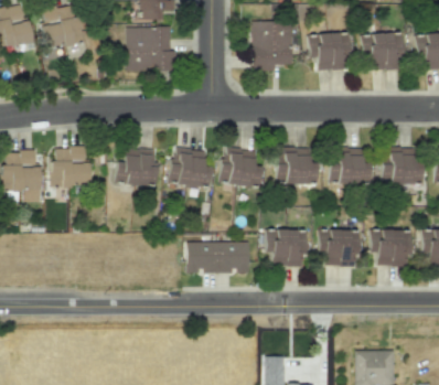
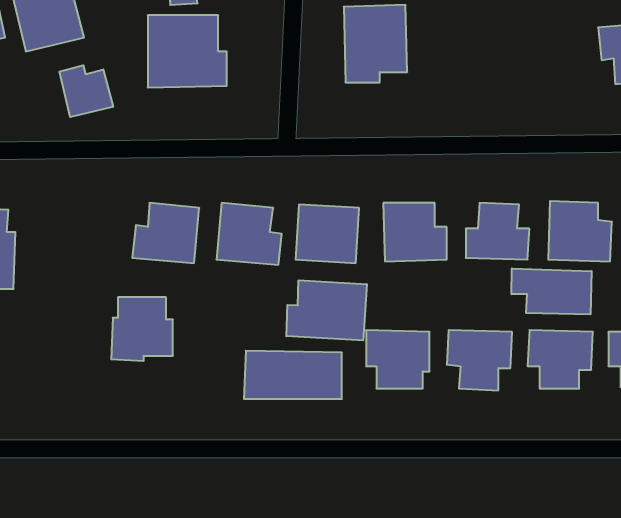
building: [308,31,350,71] -> none
building: [361,31,403,69] -> none
building: none -> [59,65,113,117]
building: [51,147,90,188] -> [111,297,173,361]
building: none -> [512,268,592,314]
building: none -> [286,280,367,340]

